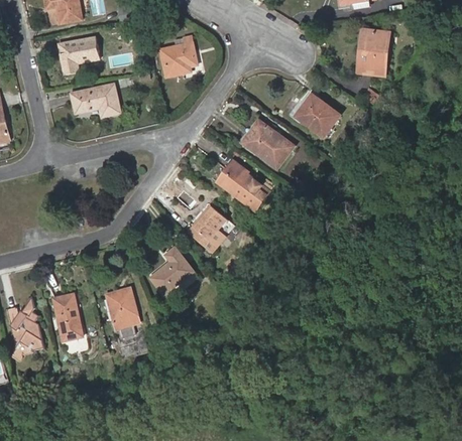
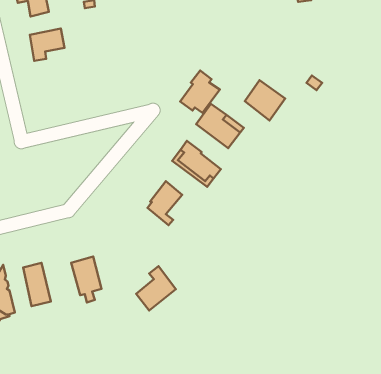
building: [357,29,389,77] -> none
building: [159,36,197,78] -> none
building: none -> [180,70,220,113]
building: [72,85,119,117] -> none
building: [150,247,194,295] -> [136,266,176,310]

